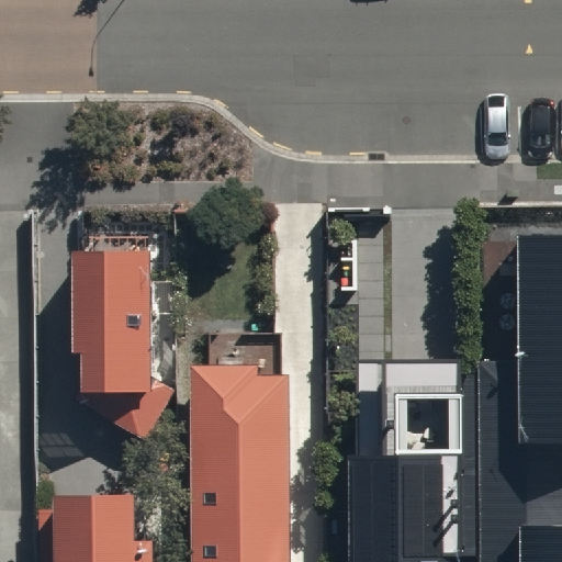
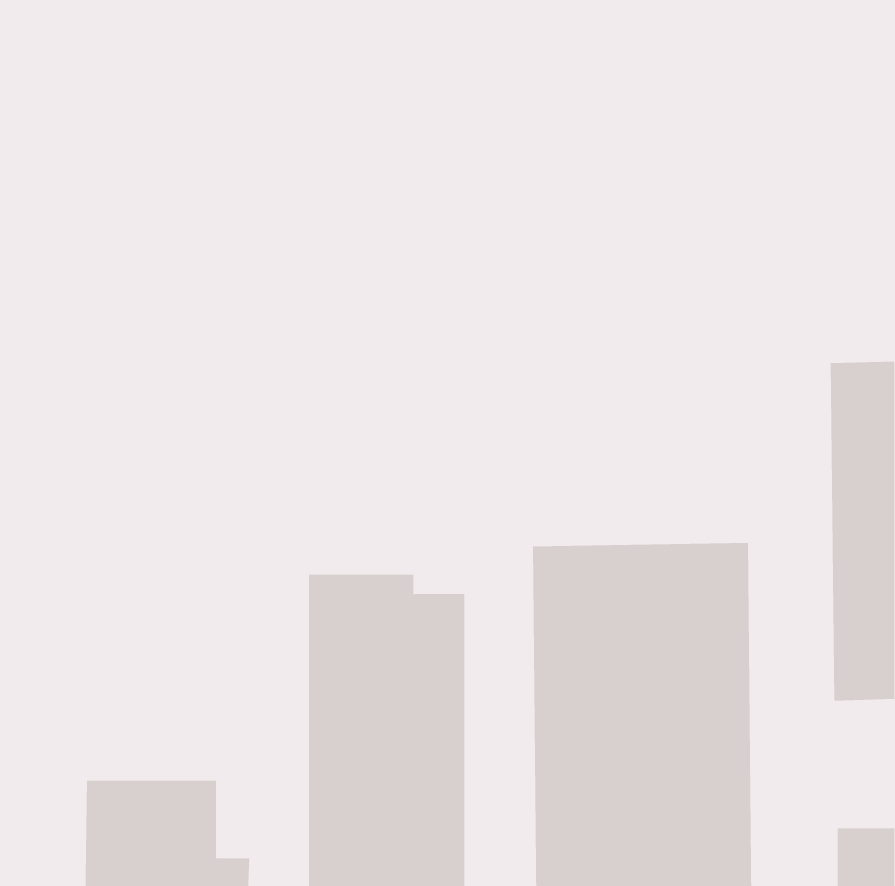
building: [69,252,175,445] -> none

